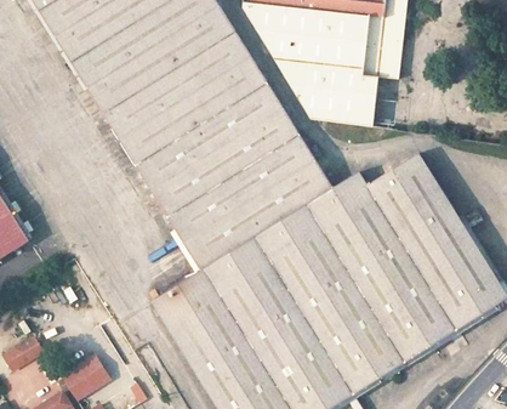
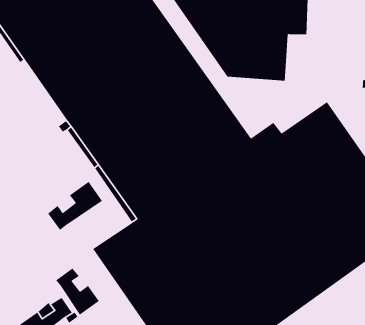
building: none -> [47,181,103,231]
building: none -> [55,268,100,316]

